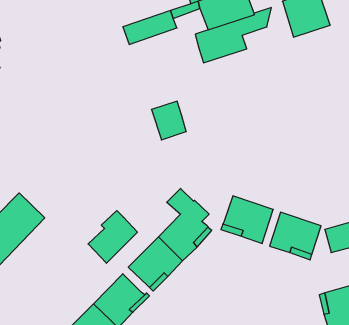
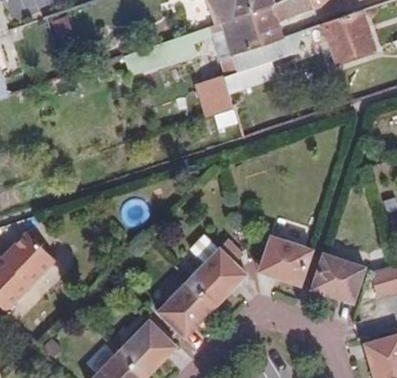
building: [151,101,186,140] -> [203,74,241,116]
building: [88,211,137,263] -> none

